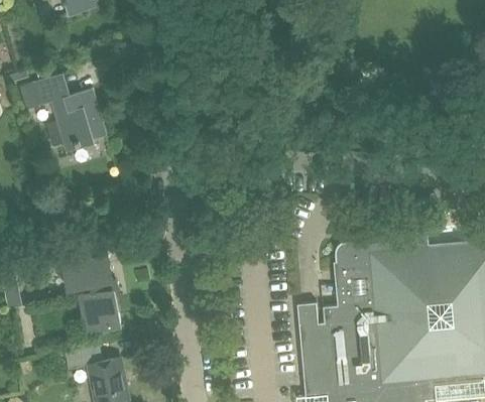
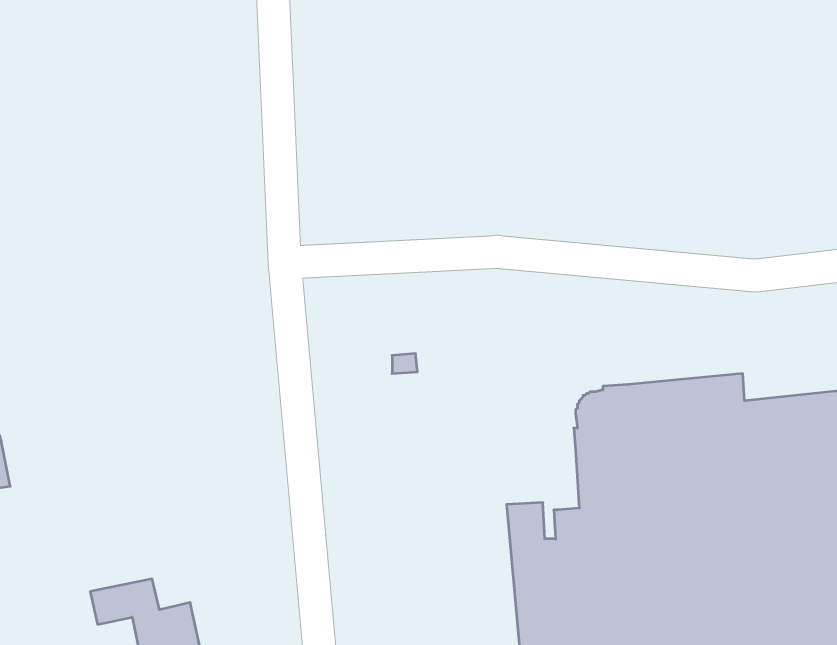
building: [20,77,108,149] -> none
building: [60,255,120,329] -> none

